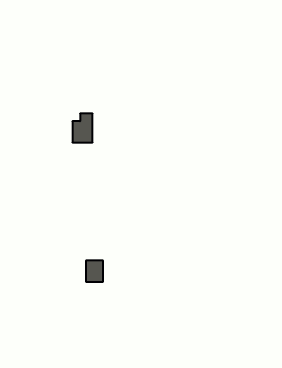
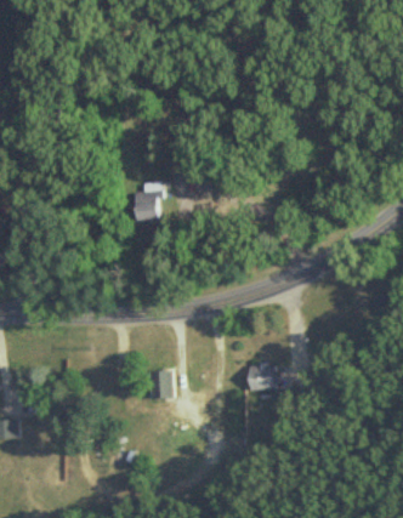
building: none -> [248,364,274,389]

